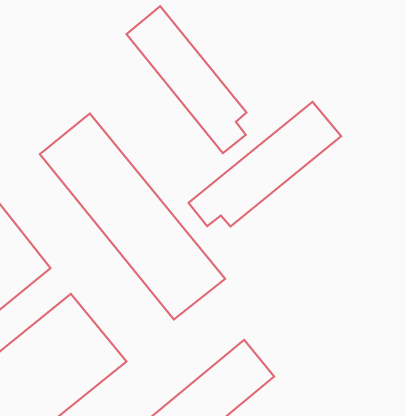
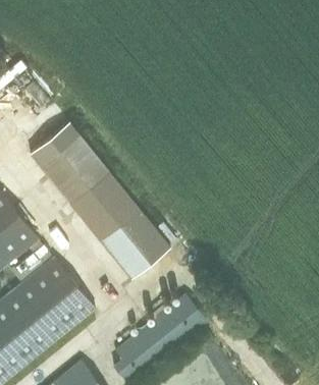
building: [126,6,247,153] -> none
building: [188,102,341,227] -> none

